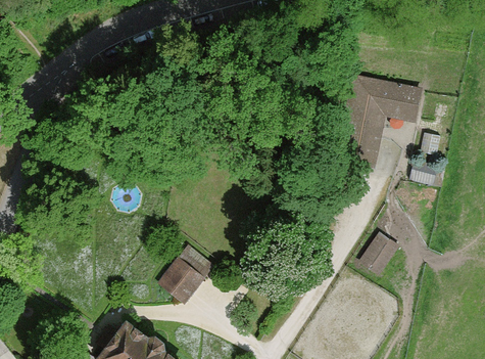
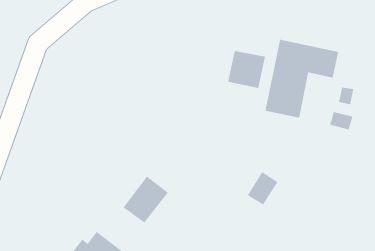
building: none -> [227,50,266,89]
building: [360,231,399,273] -> [247,171,279,205]

